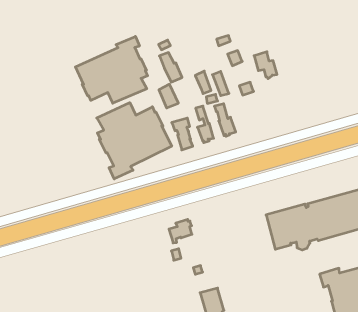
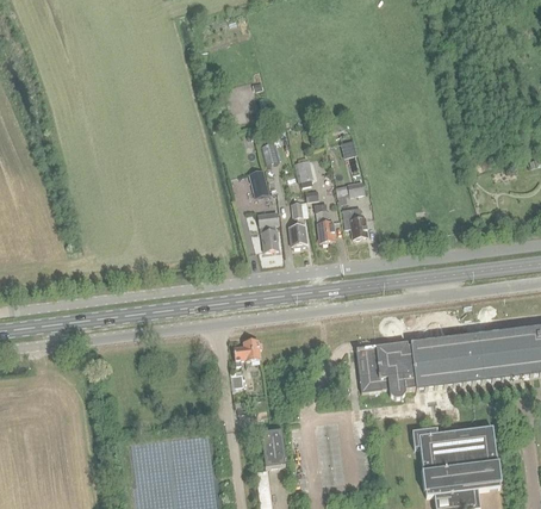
building: [75,36,148,103] -> none
building: [254,52,277,79] -> [342,204,367,237]
building: [97,103,172,179] -> none

